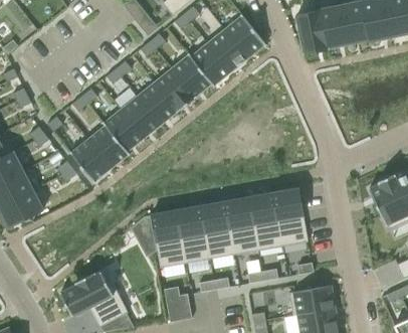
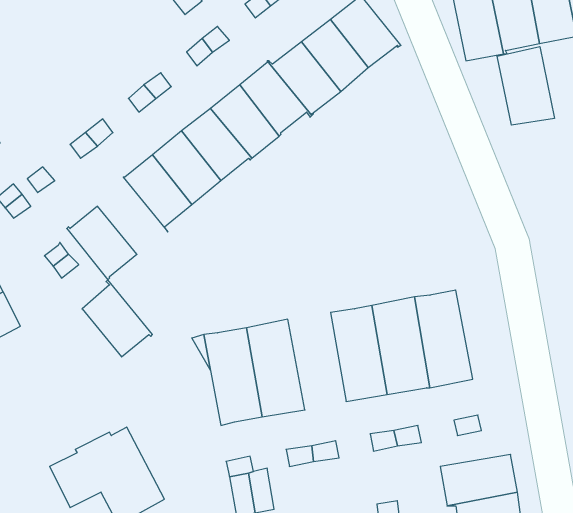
building: none -> [497,47,554,125]
building: [88,122,130,167] -> [82,280,152,357]
building: [200,201,234,259] -> none

